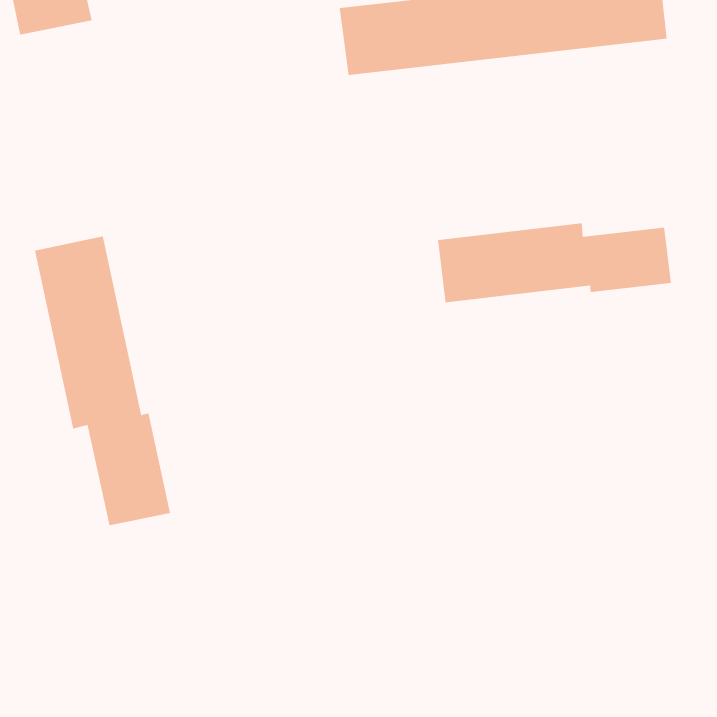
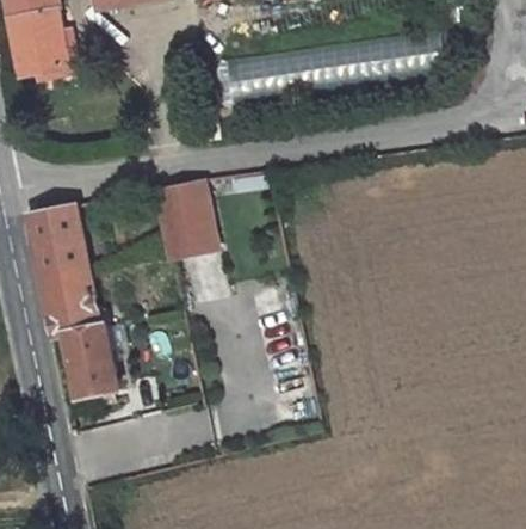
building: none -> [153,179,217,262]
building: [438,223,671,303] -> none

